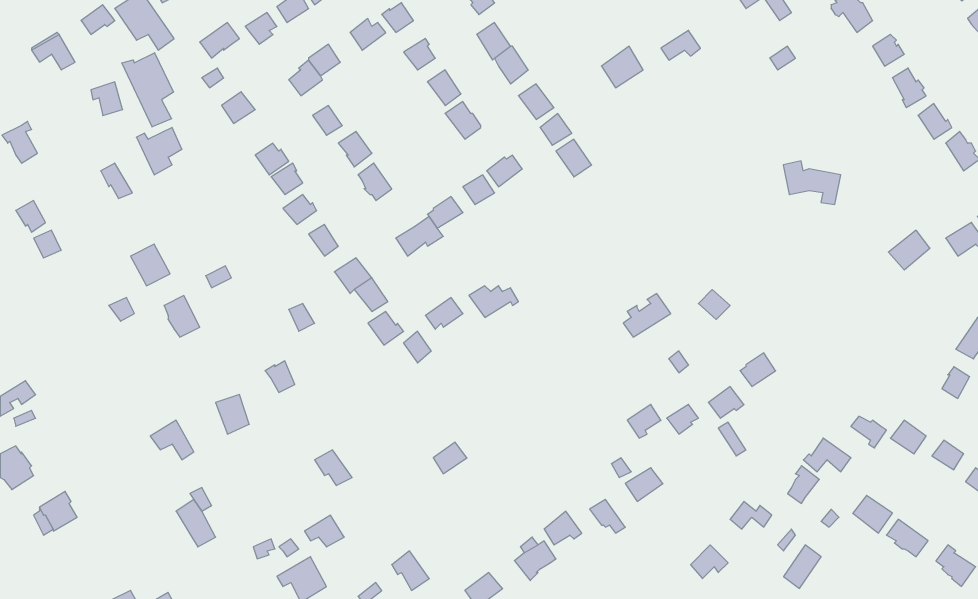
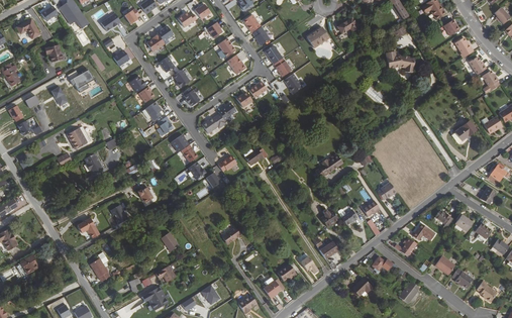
building: [122,53,173,127] -> none
building: [783,161,841,204] -> [386,51,415,74]

